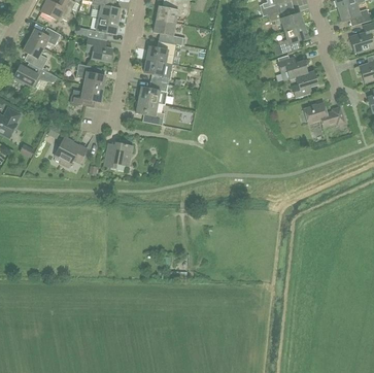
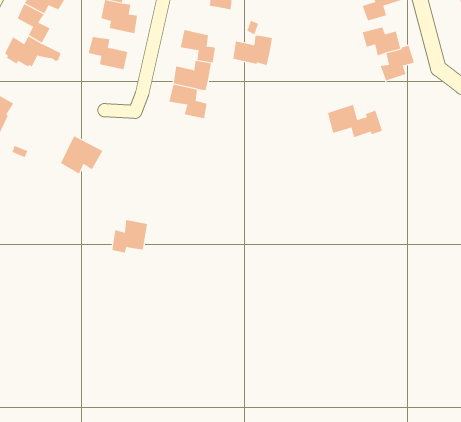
building: [146,41,176,64] -> [233,35,273,66]
building: [70,84,102,106] -> none
building: [304,102,345,127] -> [327,104,383,138]
building: [105,142,132,167] -> [112,220,148,253]

